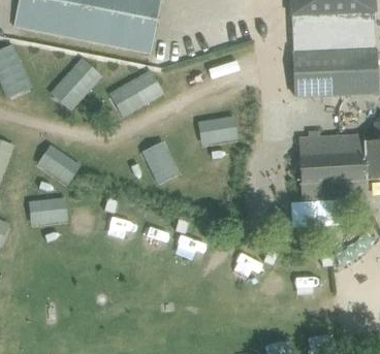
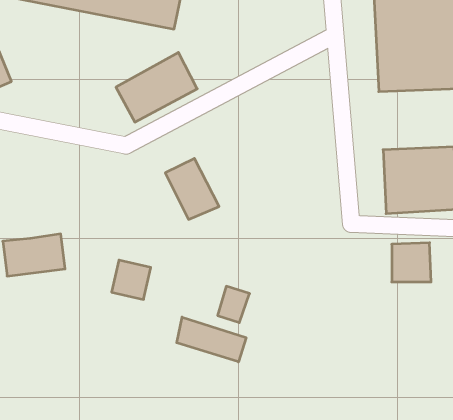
building: [49,56,103,111] -> none
building: [198,117,239,147] -> none
building: [37,143,82,184] -> none
building: none -> [177,317,246,362]

